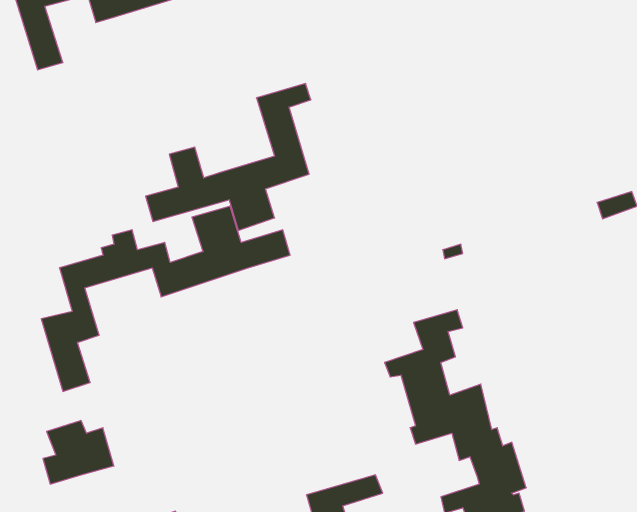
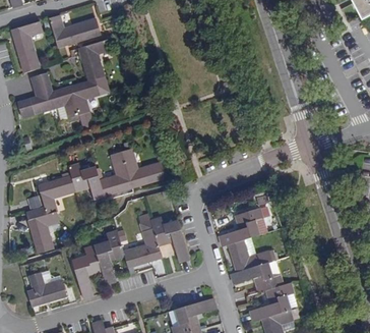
building: [146,83,311,231] -> [17,41,110,123]
building: none -> [70,218,188,298]

